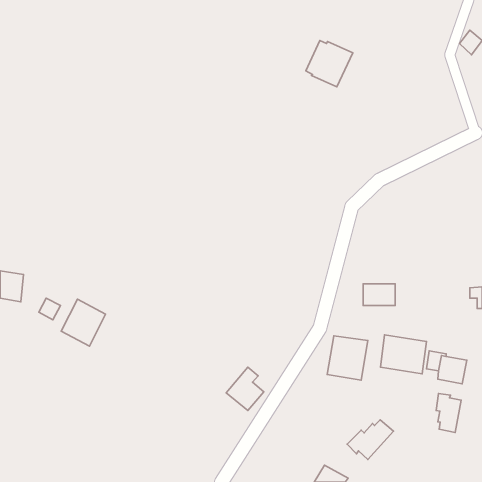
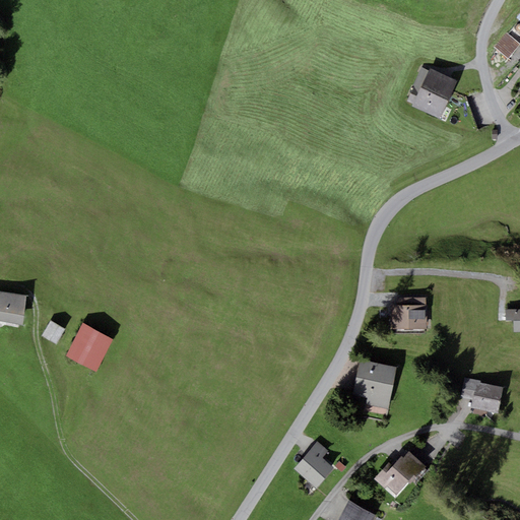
building: [306,41,353,87] -> [406,68,457,118]
building: [380,335,426,374] -> none
building: [226,367,264,411] -> [294,442,334,489]
building: [436,393,461,432] -> none

